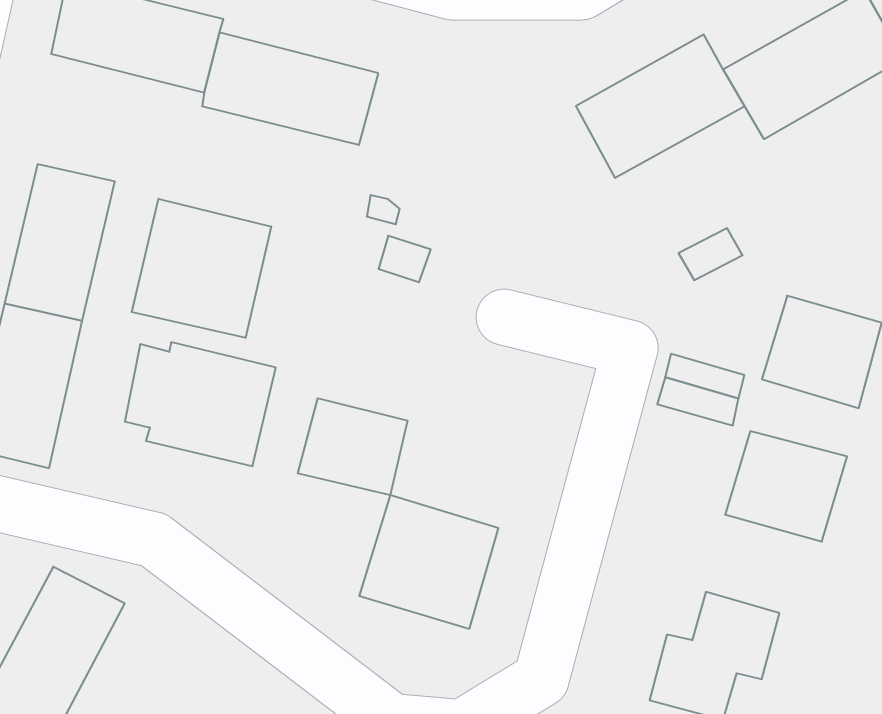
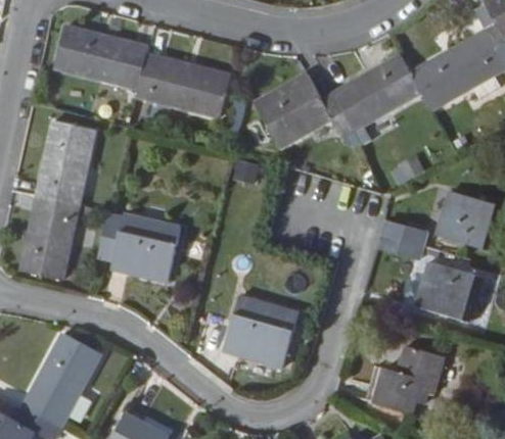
building: none -> [259,74,357,146]
building: [132,199,271,338] -> none
building: [298,398,407,495] -> none

